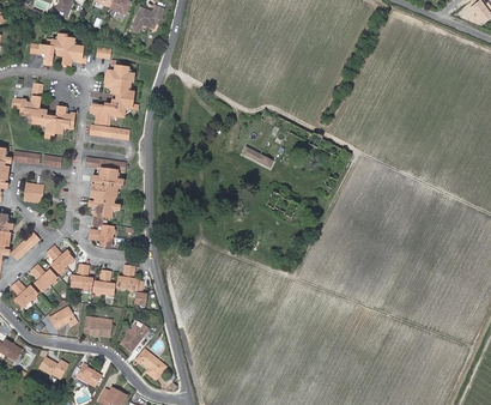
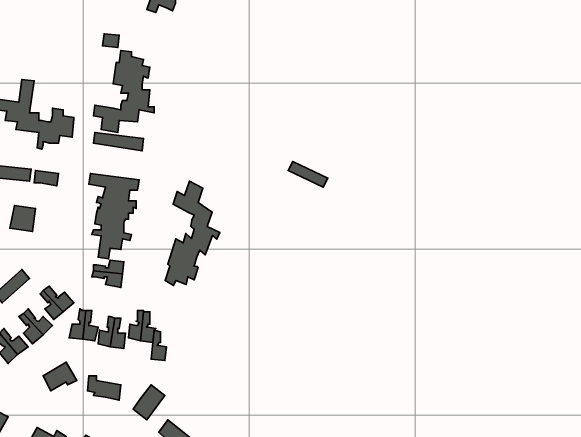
building: [30,34,86,65] -> none
building: none -> [165,181,220,285]

